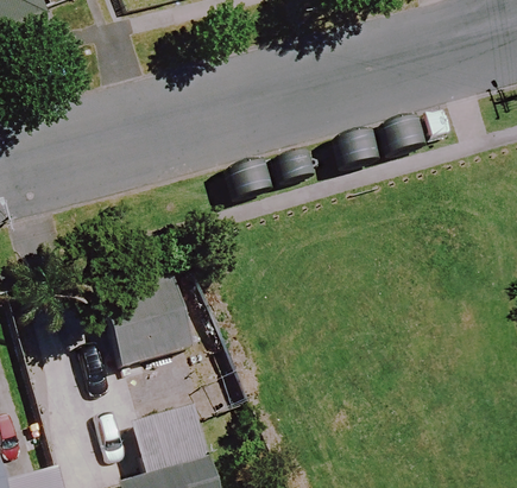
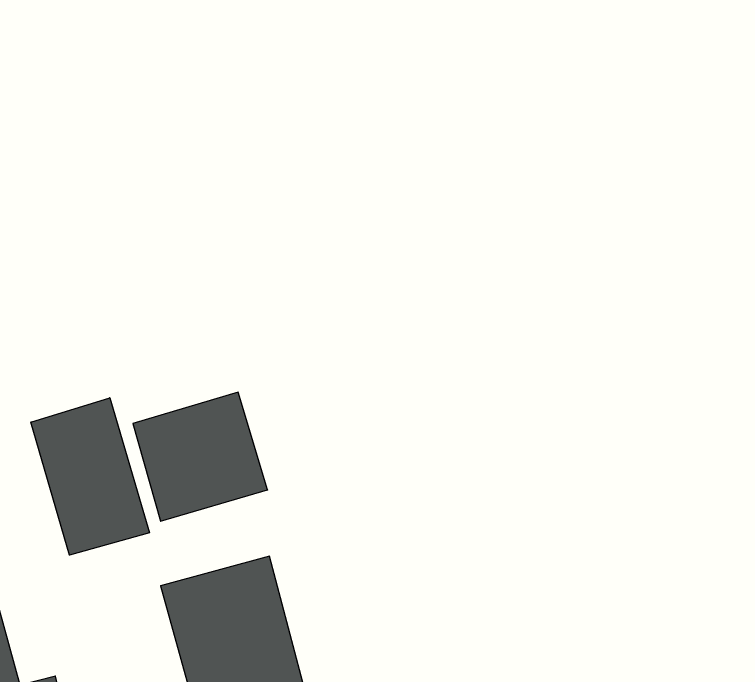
building: none -> [31,398,149,555]

